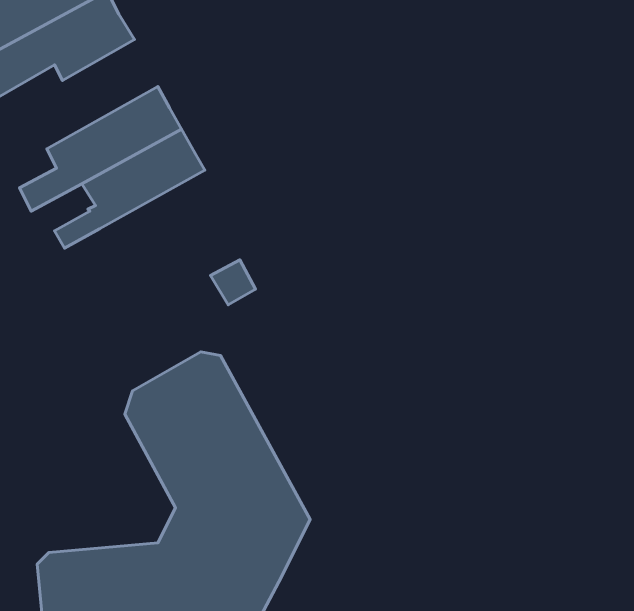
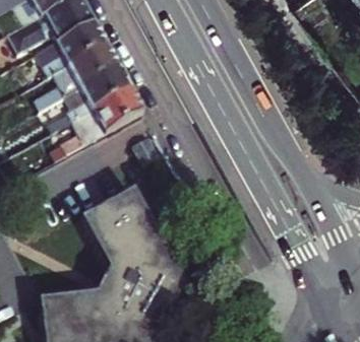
building: none -> [29,24,105,83]
building: none -> [64,92,142,154]

